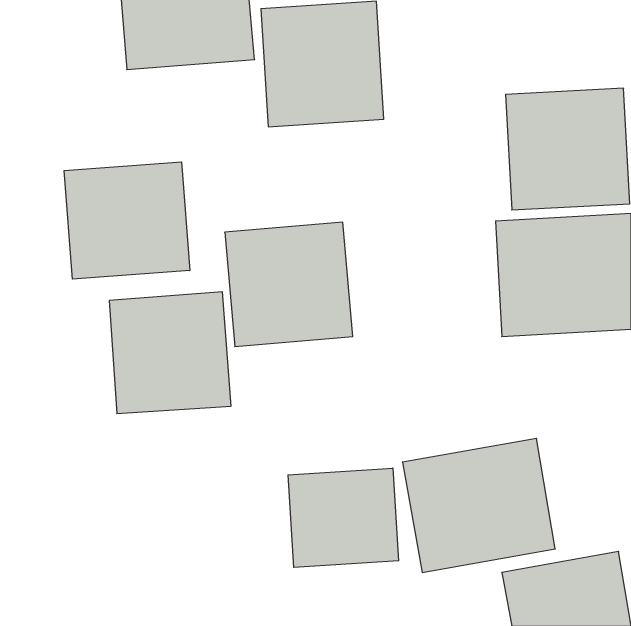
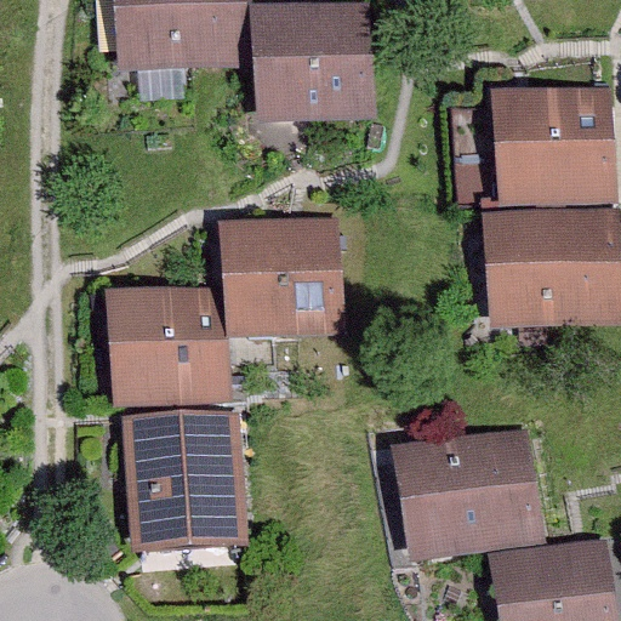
building: [64,162,190,279] -> none
building: none -> [125,409,243,547]
building: [288,468,399,567] -> none

